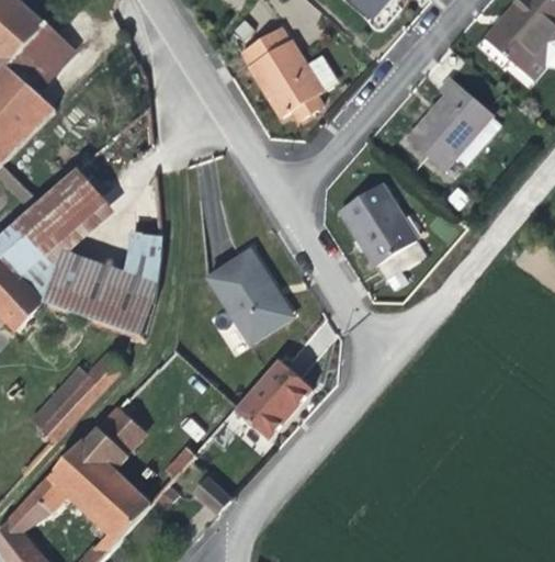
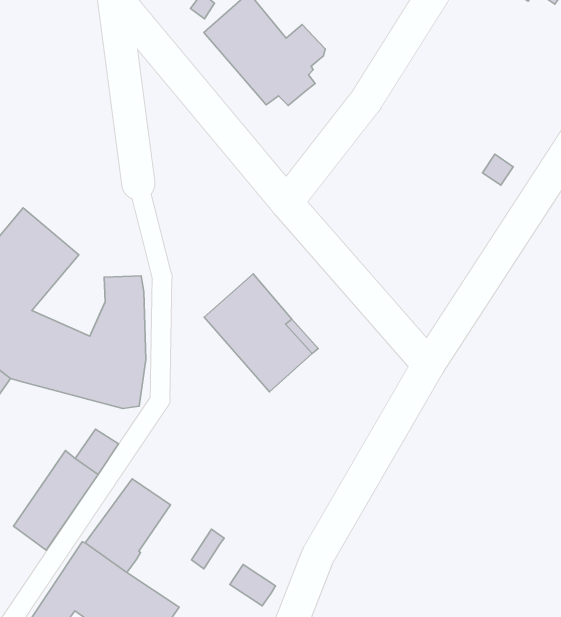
building: [407,77,501,170] -> none
building: [340,182,424,279] -> none
building: [235,358,313,438] -> none

